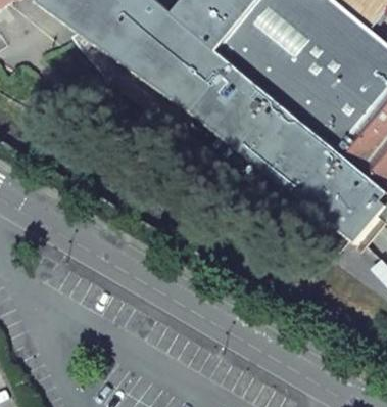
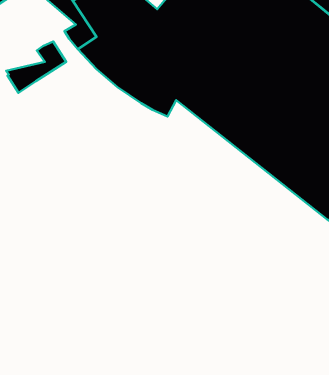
building: none -> [6,41,66,93]

